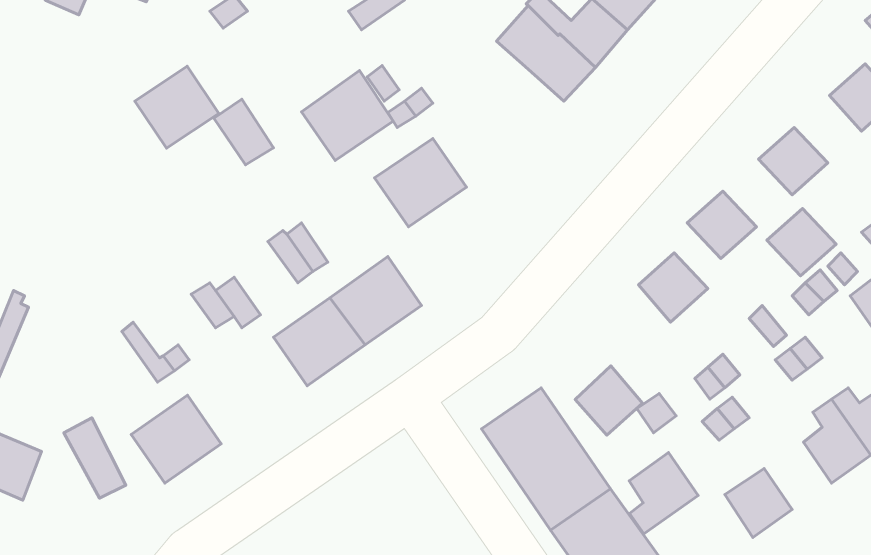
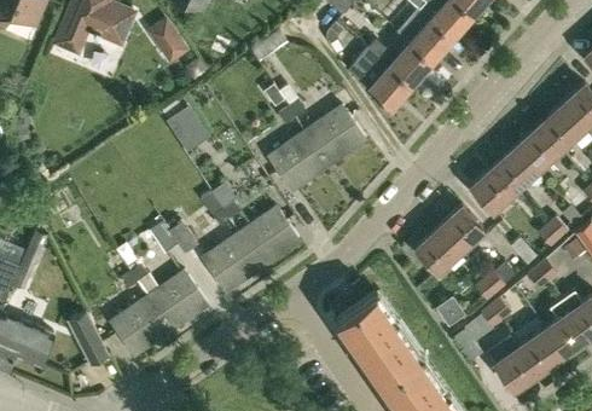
building: [135,66,219,148] -> none
building: [301,71,393,160] -> [306,105,365,163]
building: none -> [539,104,582,147]
building: [767,208,836,276] -> [493,145,538,189]
building: none -> [147,271,207,329]
building: [575,366,643,435] -> [416,226,459,271]
building: none -> [520,328,563,371]
building: [629,452,698,534] -> none

